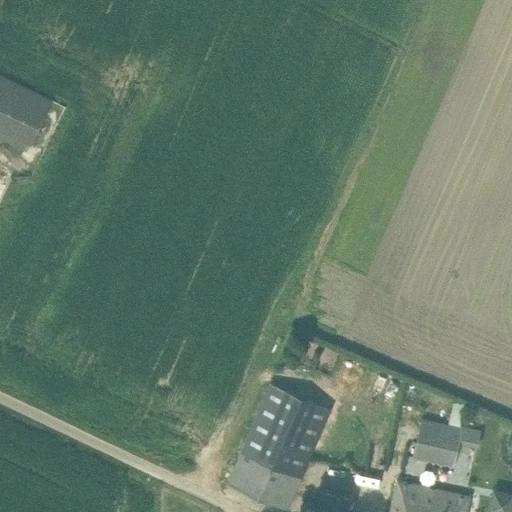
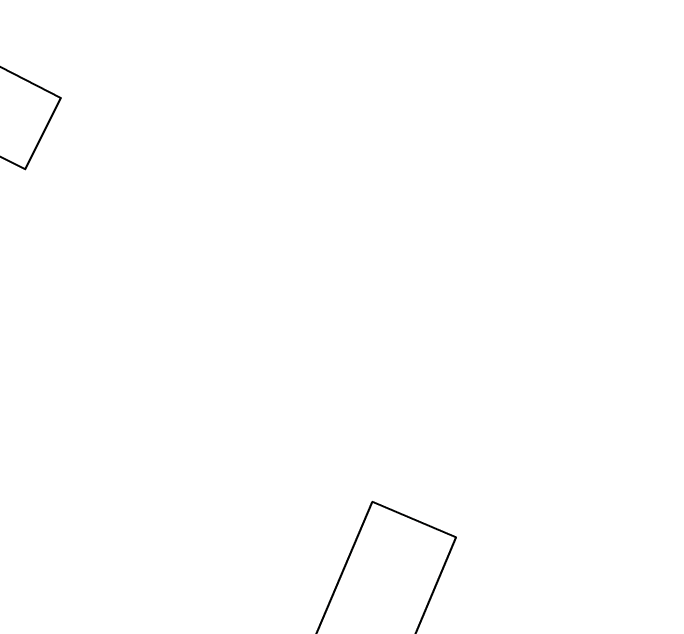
building: [413,421,481,467] -> none

